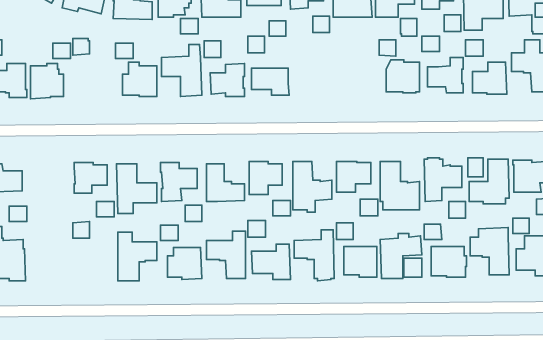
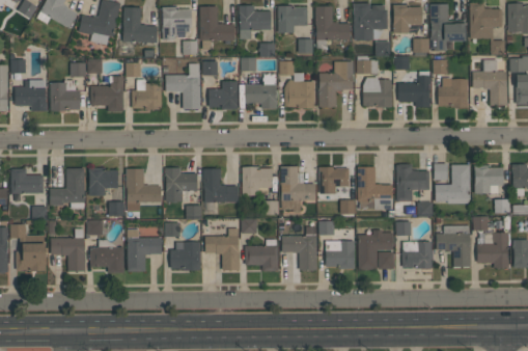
building: none -> [280,61,314,109]
building: none -> [319,61,354,107]
building: none -> [91,77,123,111]
building: none -> [50,169,85,211]
building: none -> [51,228,85,272]
building: none -> [90,240,124,273]

